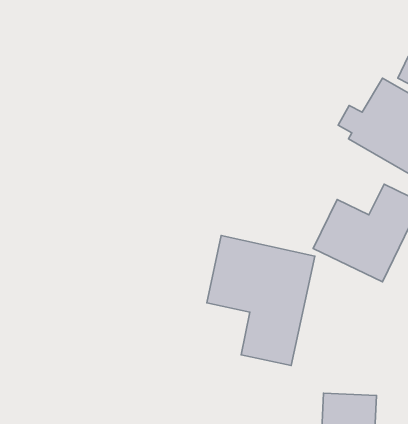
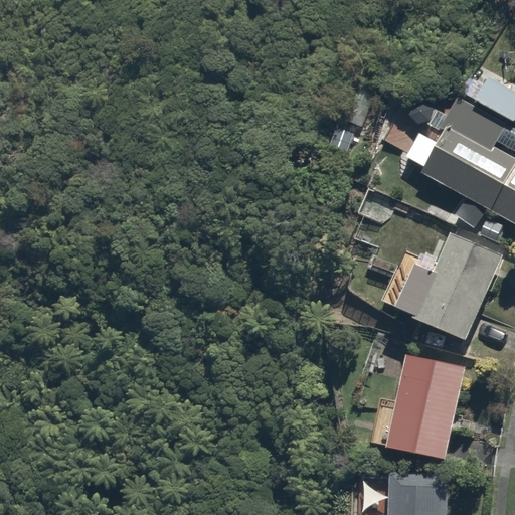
building: [207,236,315,366] -> none
building: none -> [389,350,472,460]

